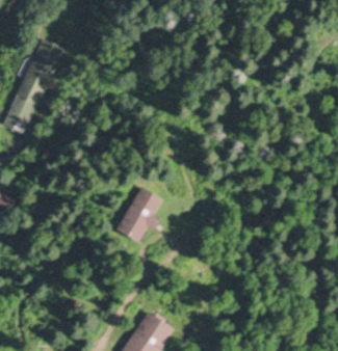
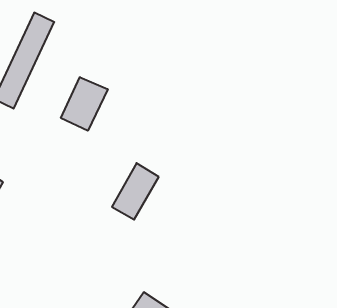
building: none -> [61,77,108,131]

